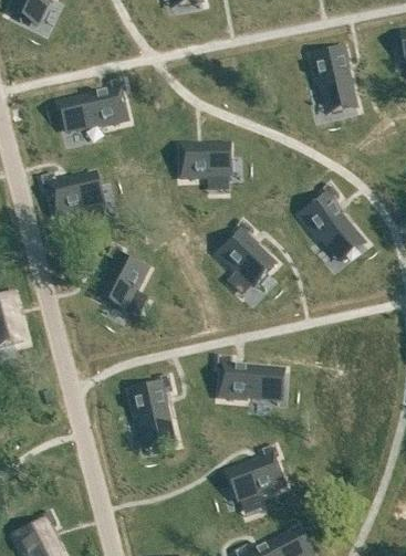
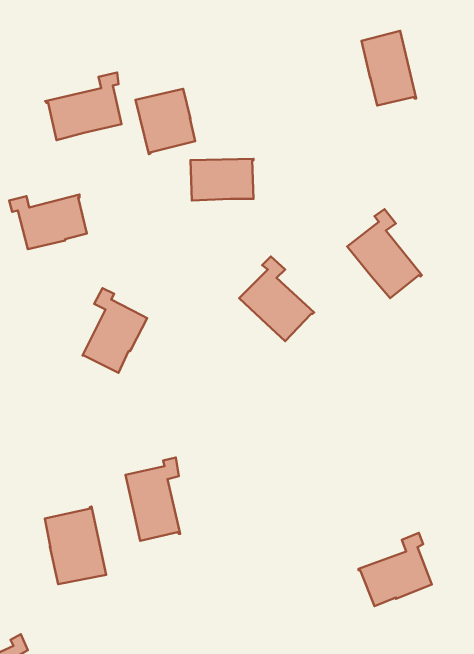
building: none -> [136,89,195,154]
building: [217,357,274,402] -> none
building: none -> [45,506,106,584]
building: [228,447,284,503] -> [359,533,432,606]

